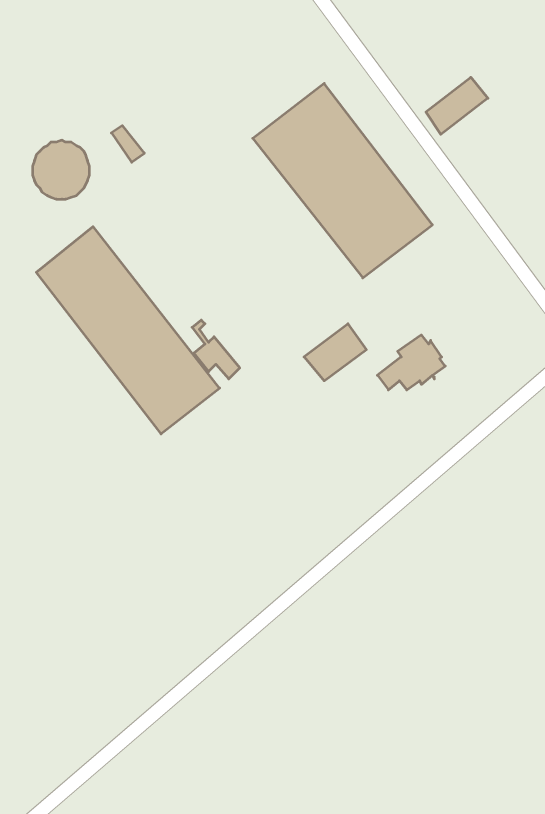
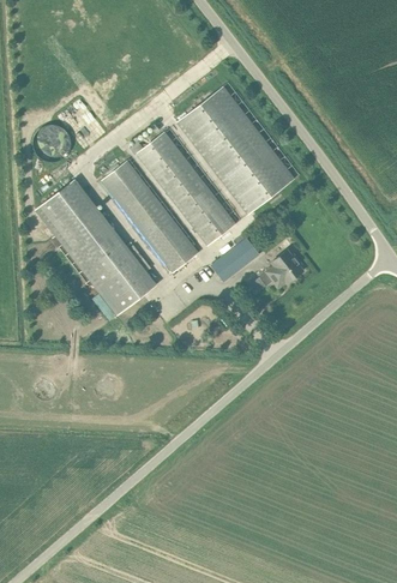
building: [426,77,488,134] -> none
building: none -> [137,131,235,245]
building: none -> [101,160,198,271]

